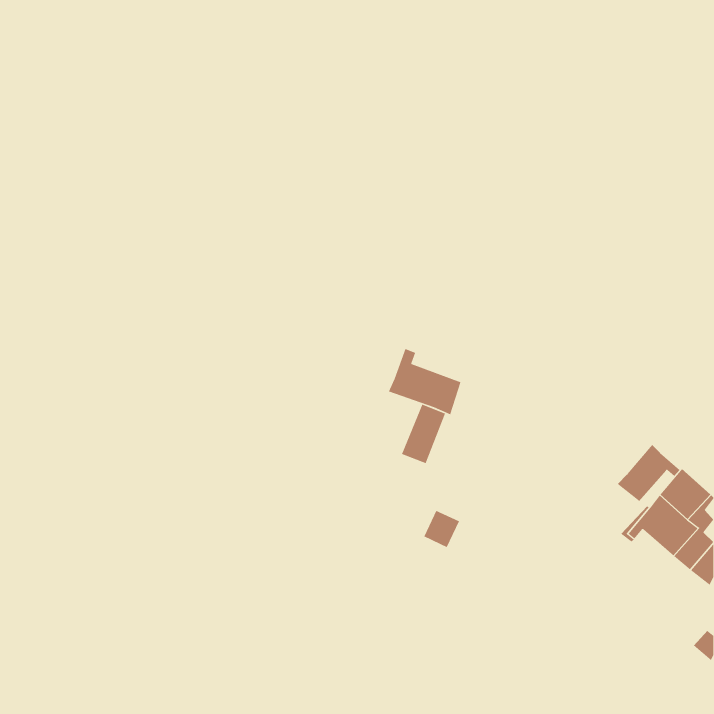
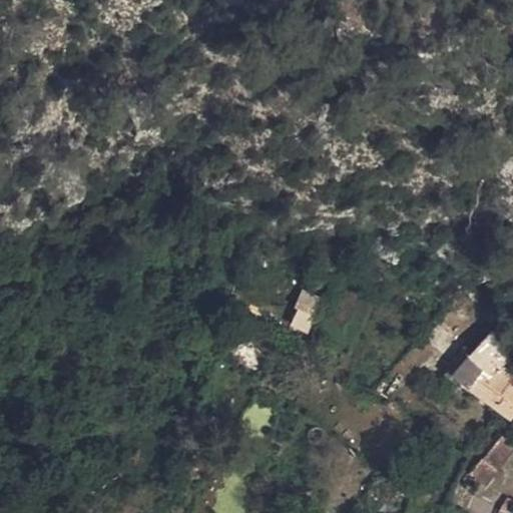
building: [388,348,461,415] -> none
building: [617,444,680,502] -> none

